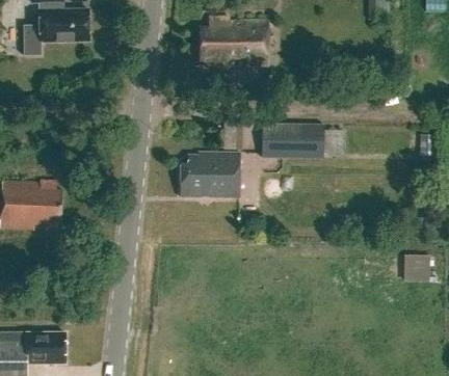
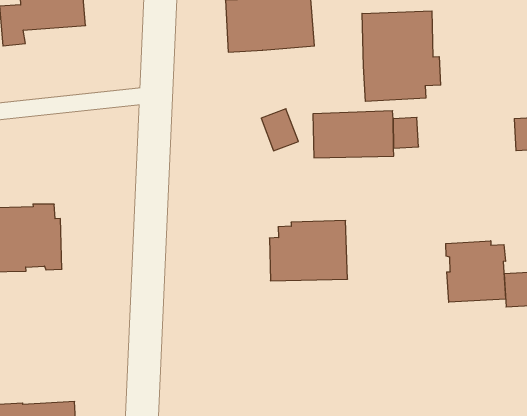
building: none -> [362,11,441,101]
building: [179,151,240,197] -> [269,221,348,281]
building: none -> [446,241,506,302]

